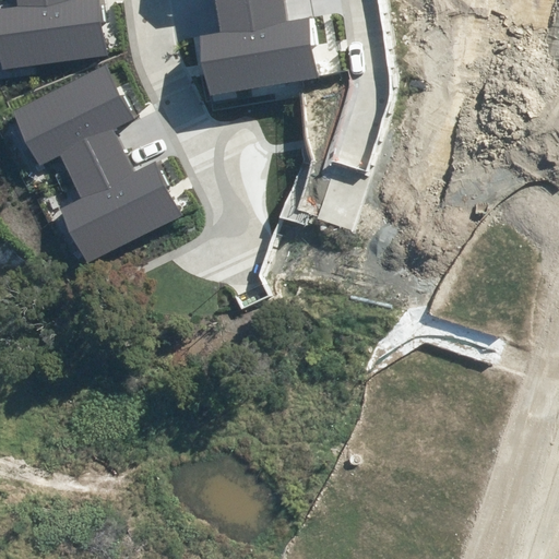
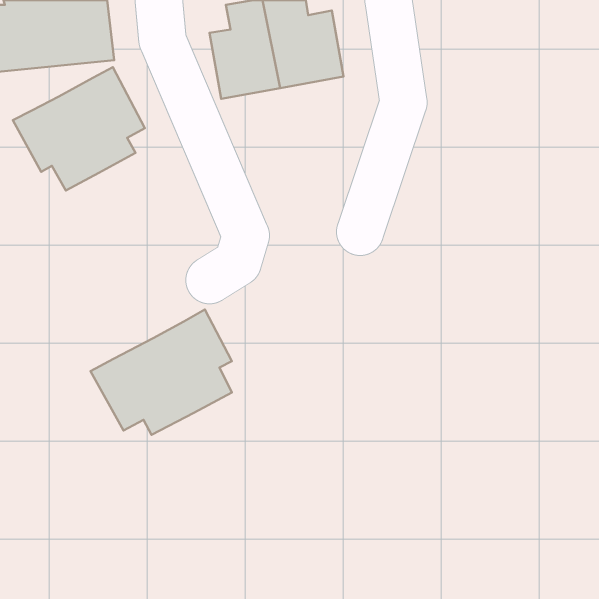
building: [53,144,186,263] -> none
building: none -> [91,309,232,435]

